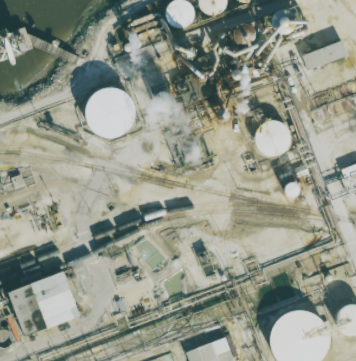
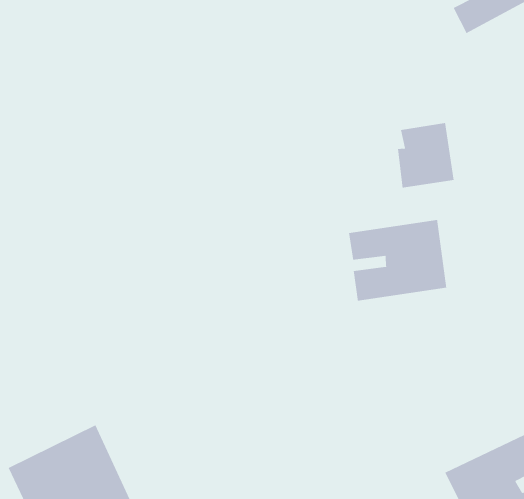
building: [88,87,138,135] -> none
building: none -> [348,219,447,302]

